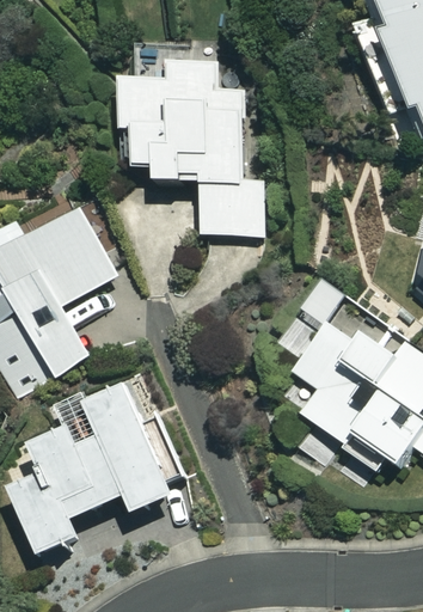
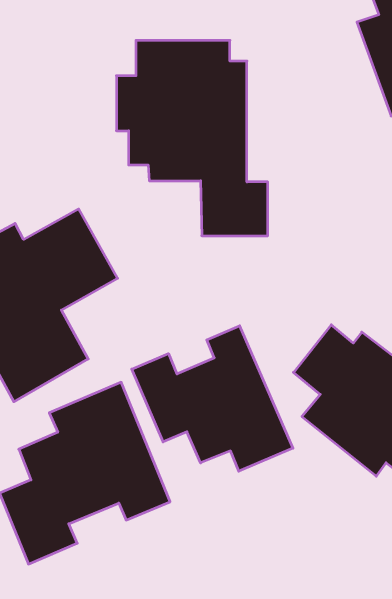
building: none -> [132,326,293,471]

